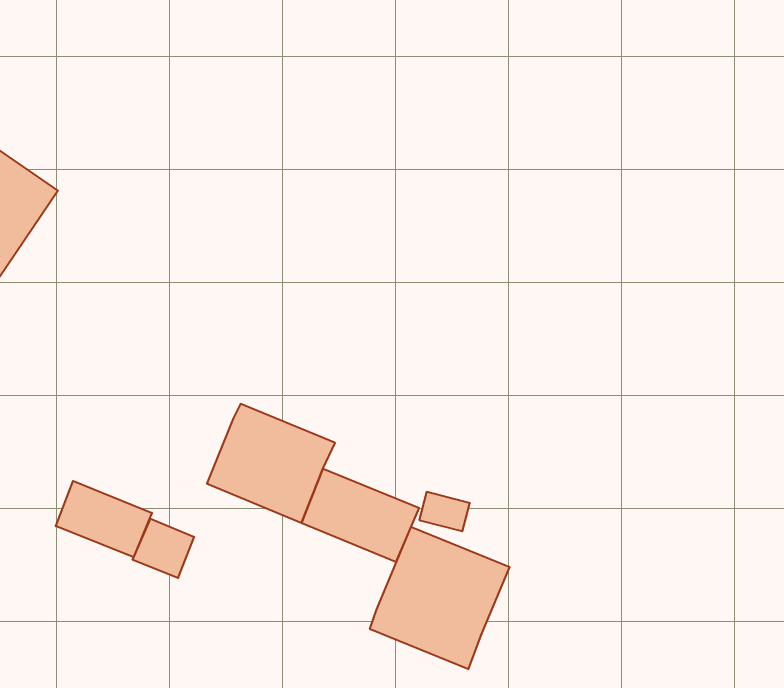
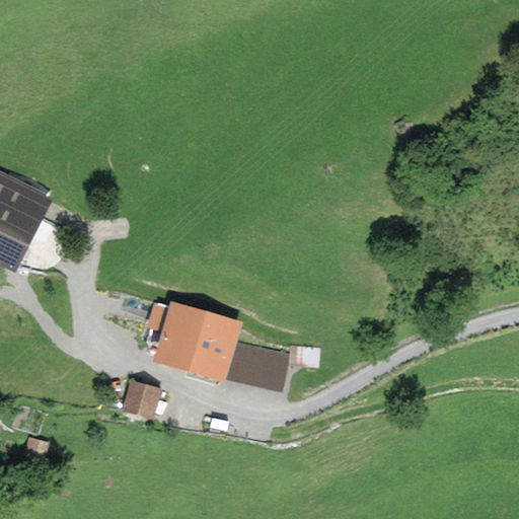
building: [56,481,152,557] -> none
building: [370,527,510,669] -> none

